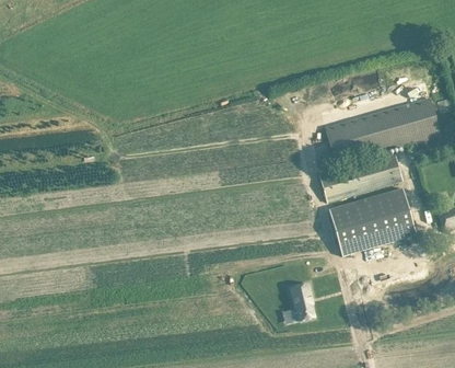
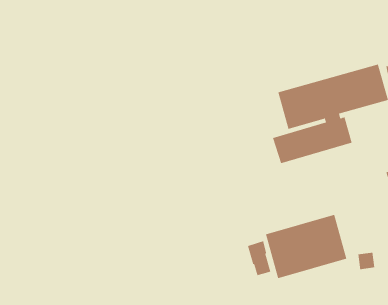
building: [328,187,415,255] -> [265,214,347,279]

